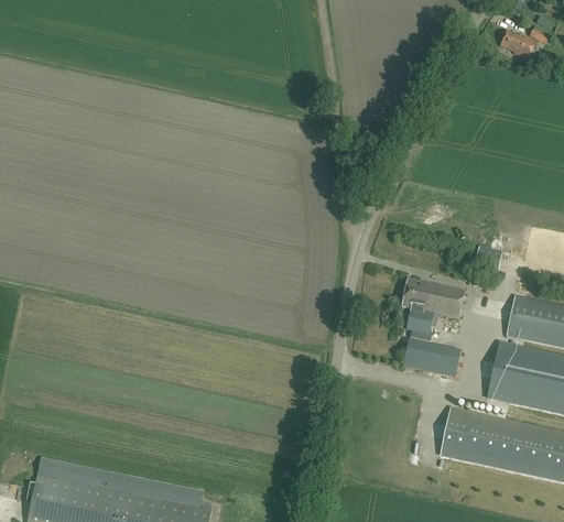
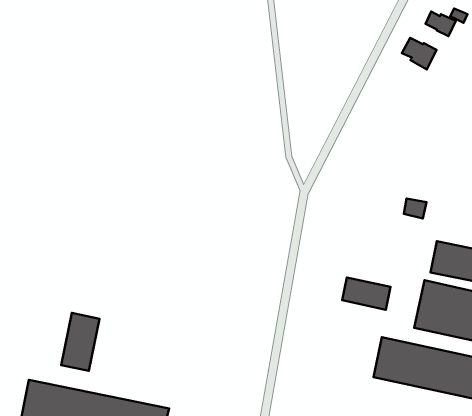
building: none -> [402,38,437,69]
building: [402,276,465,333] -> none
building: none -> [61,313,99,371]

